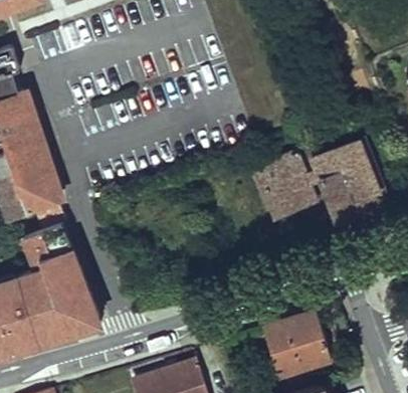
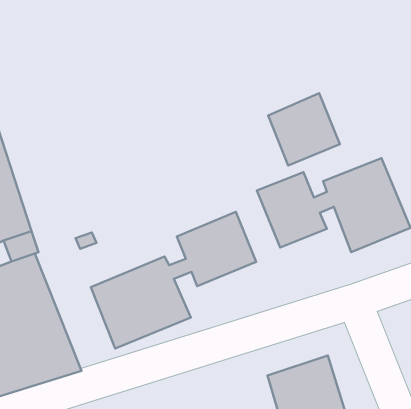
building: none -> [268,93,340,166]
building: none -> [91,212,256,348]

